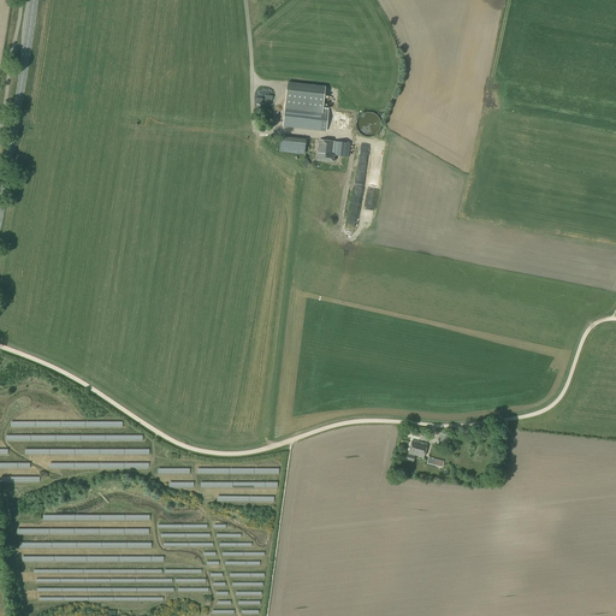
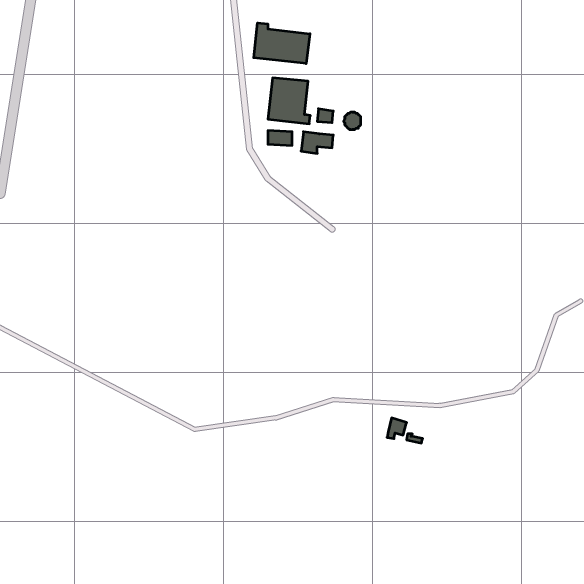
building: none -> [254,23,310,64]

